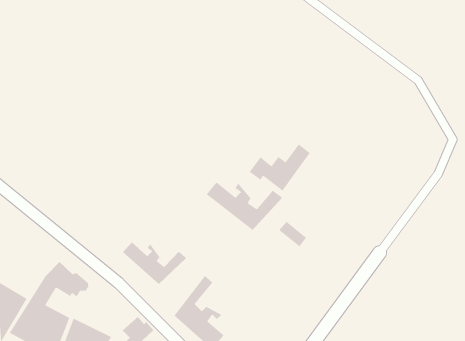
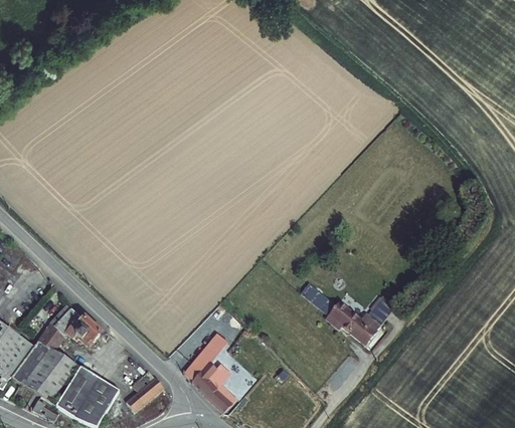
building: [249,143,311,191] -> [330,294,396,344]
building: [206,182,283,231] -> none
building: [122,242,187,285] -> none

